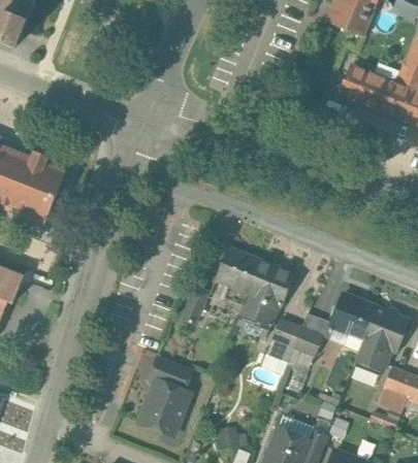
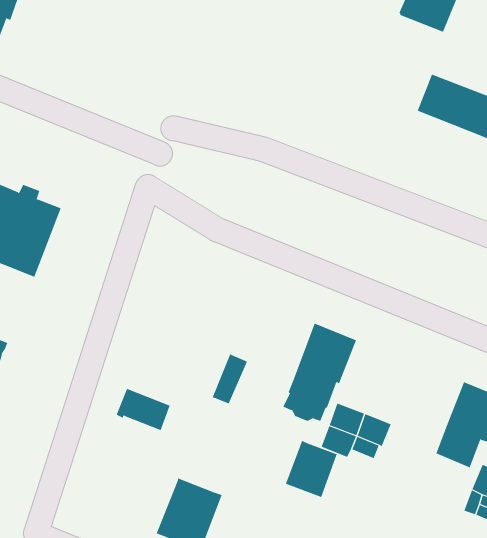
building: [217,246,261,302] -> none
building: [331,292,377,338] -> none
building: none -> [285,440,338,498]
building: [149,357,191,390] -> [116,388,170,431]

